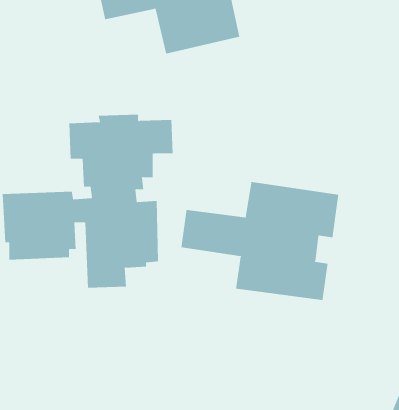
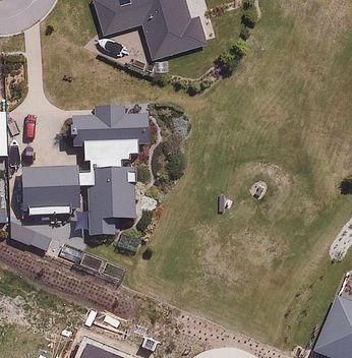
building: [181,181,339,301] -> none

